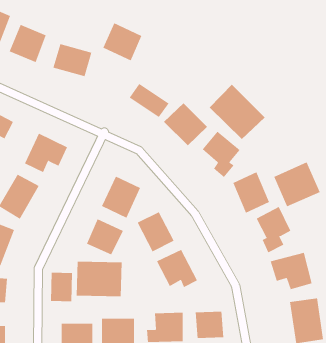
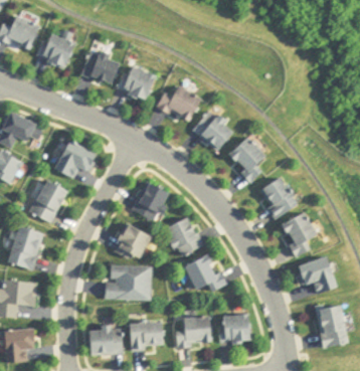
building: [103,23,142,61] -> [118,63,157,102]
building: [209,84,265,140] -> none
building: [274,162,320,207] -> none
building: [50,272,72,302] -> none

